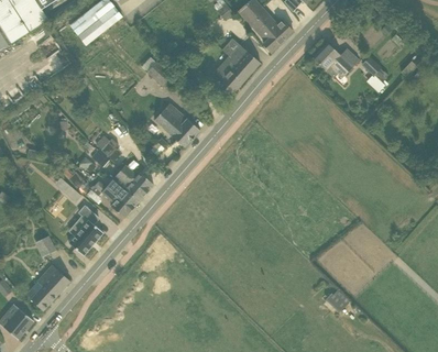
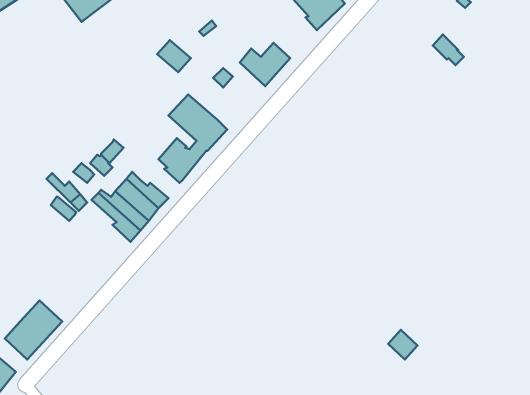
building: [221,37,260,74] -> none
building: [311,43,358,77] -> none
building: [67,205,102,255] -> none

